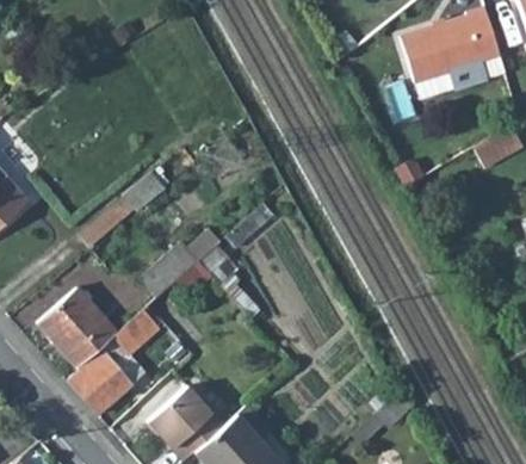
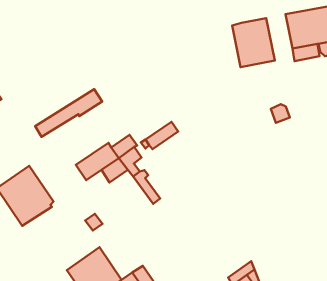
building: none -> [232,18,275,67]
building: [69,309,161,415] -> none

